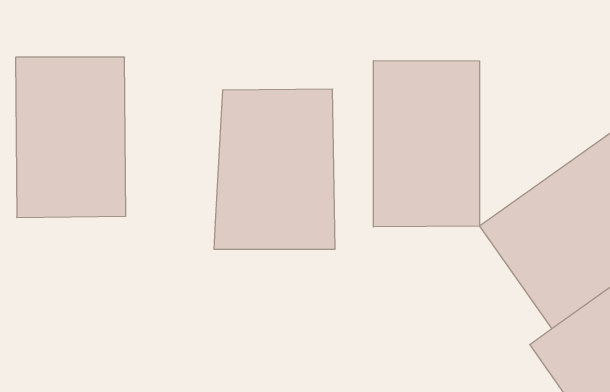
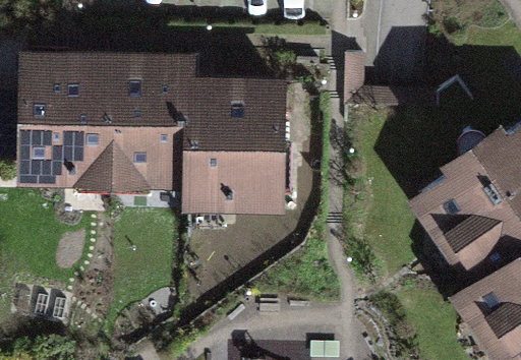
building: none -> [112,54,194,192]
building: [373,61,480,227] -> none

